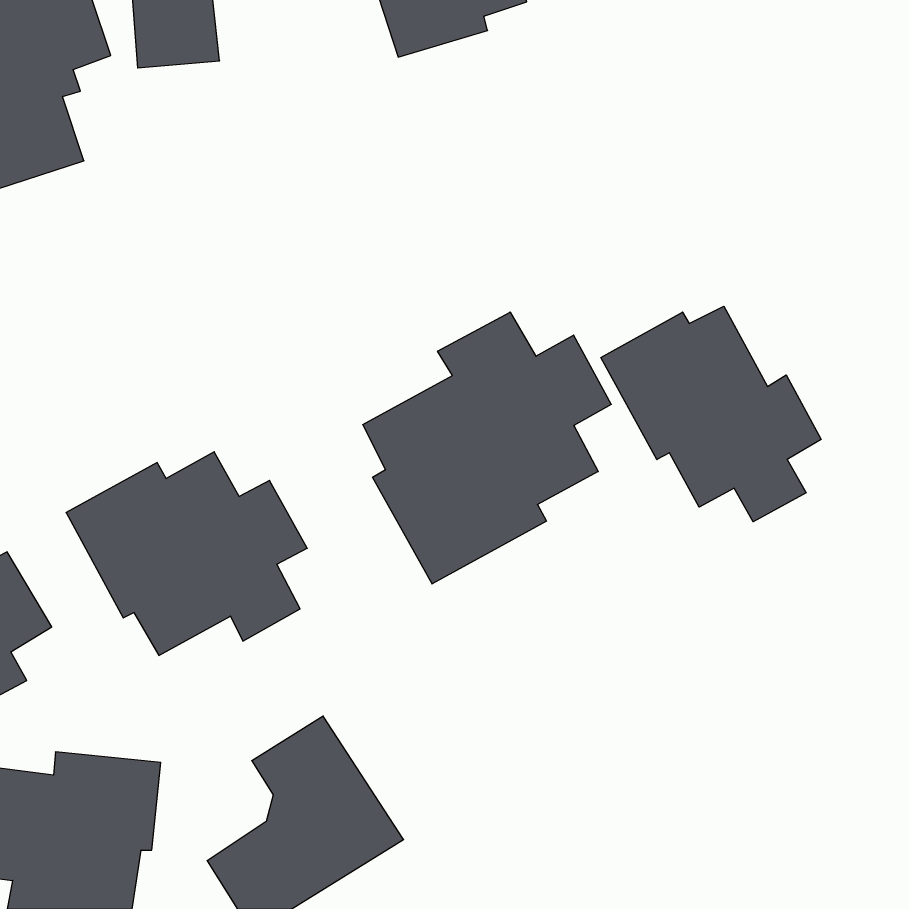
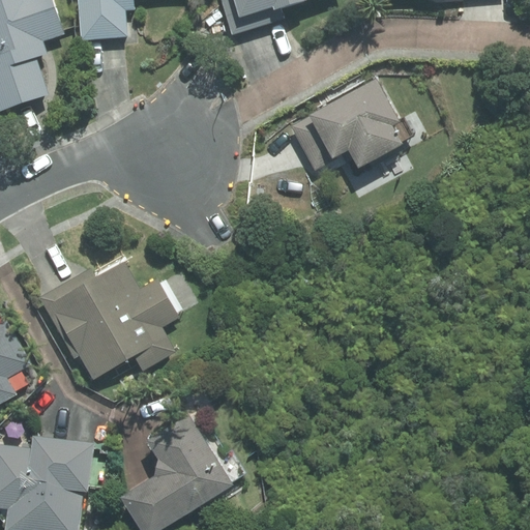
building: none -> [292,80,403,171]
building: [601,306,821,522] -> none
building: [363,312,611,584] -> none

